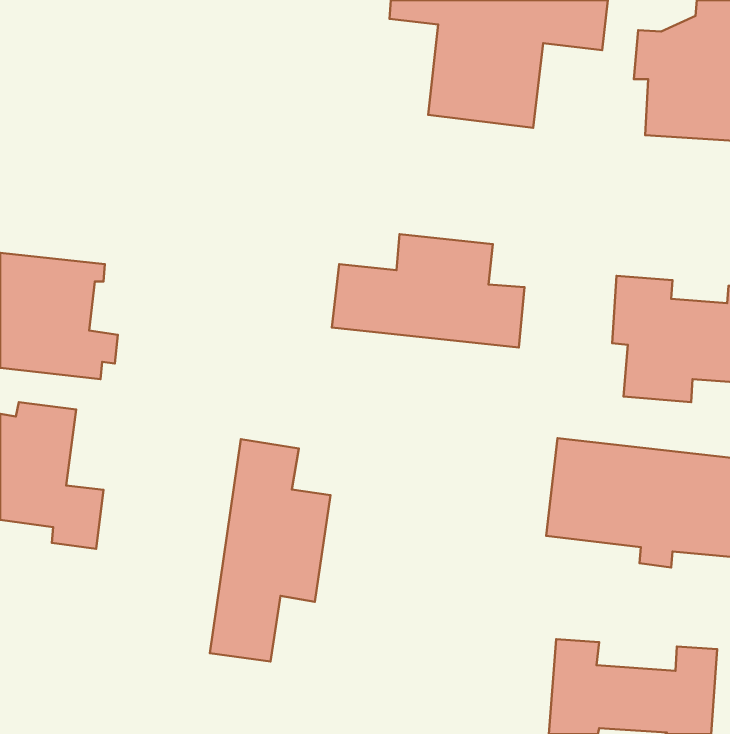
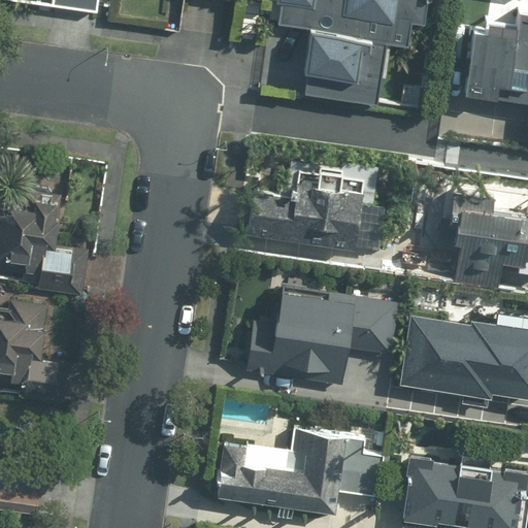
building: none -> [243,284,396,386]
building: [210,439,331,662] -> none
building: none -> [213,434,389,513]

